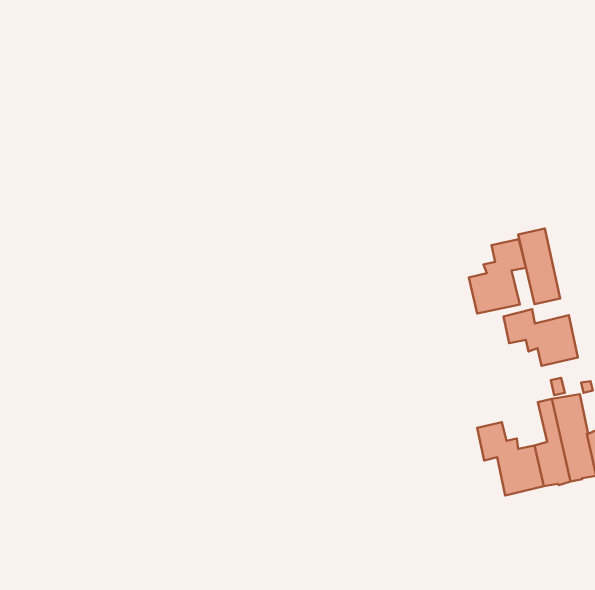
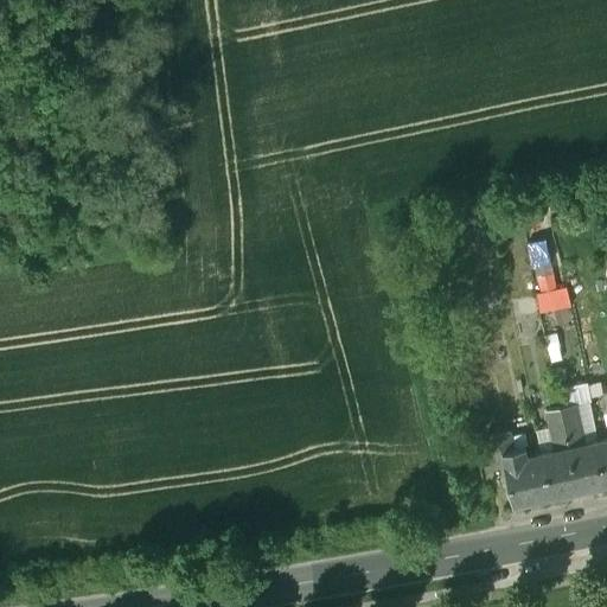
building: [469,239,526,313] -> none
building: [503,309,578,366] -> none

